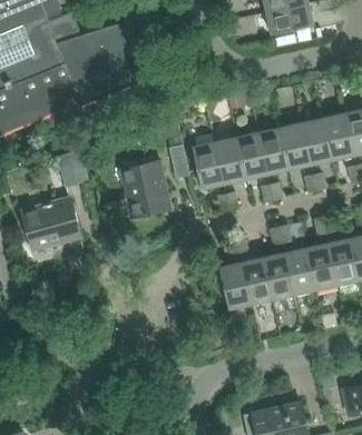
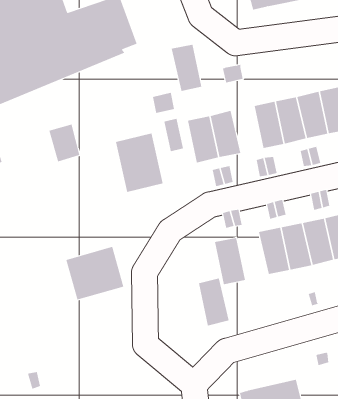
building: [236,132,267,179] -> [171,44,202,91]
building: [22,196,80,249] -> [66,246,124,300]
building: [242,257,273,305] -> [198,278,230,326]

